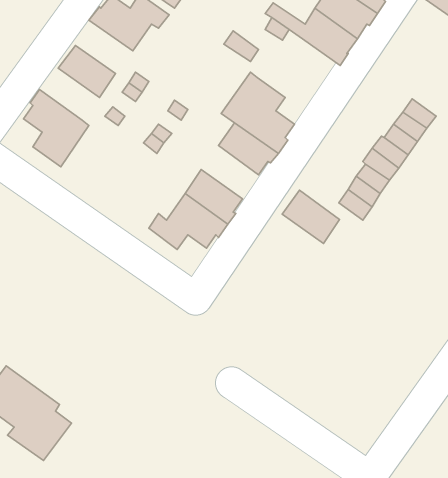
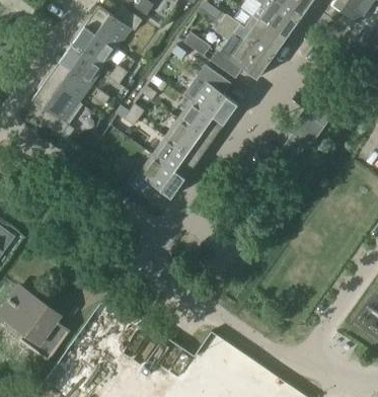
building: none -> [71,24,115,65]
building: none -> [209,38,272,79]
building: none -> [44,61,89,100]
building: [282,190,340,243] -> [166,120,210,160]

